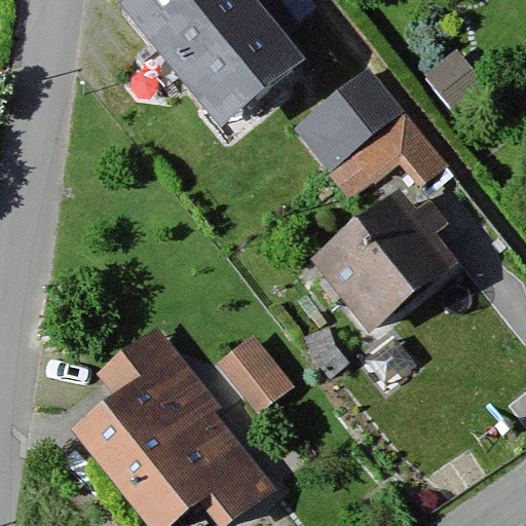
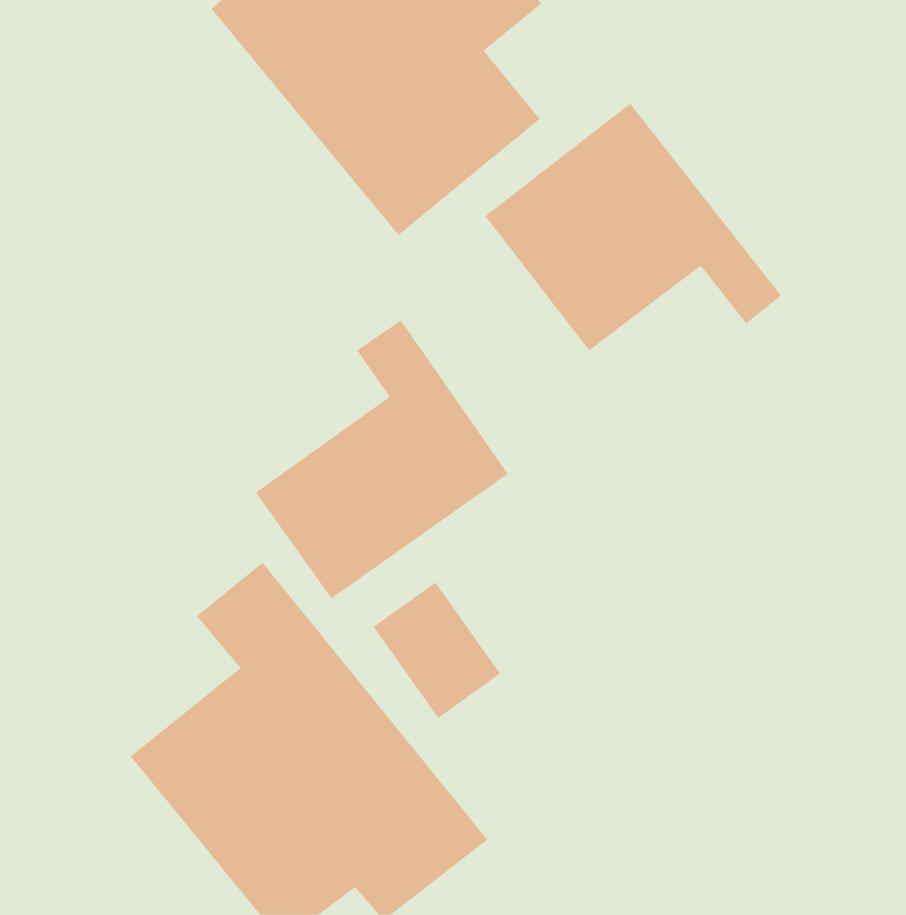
building: none -> [255,319,508,599]
building: [313,193,456,334] -> none

